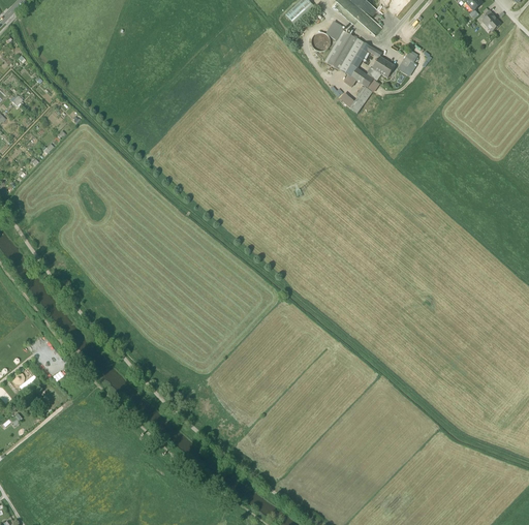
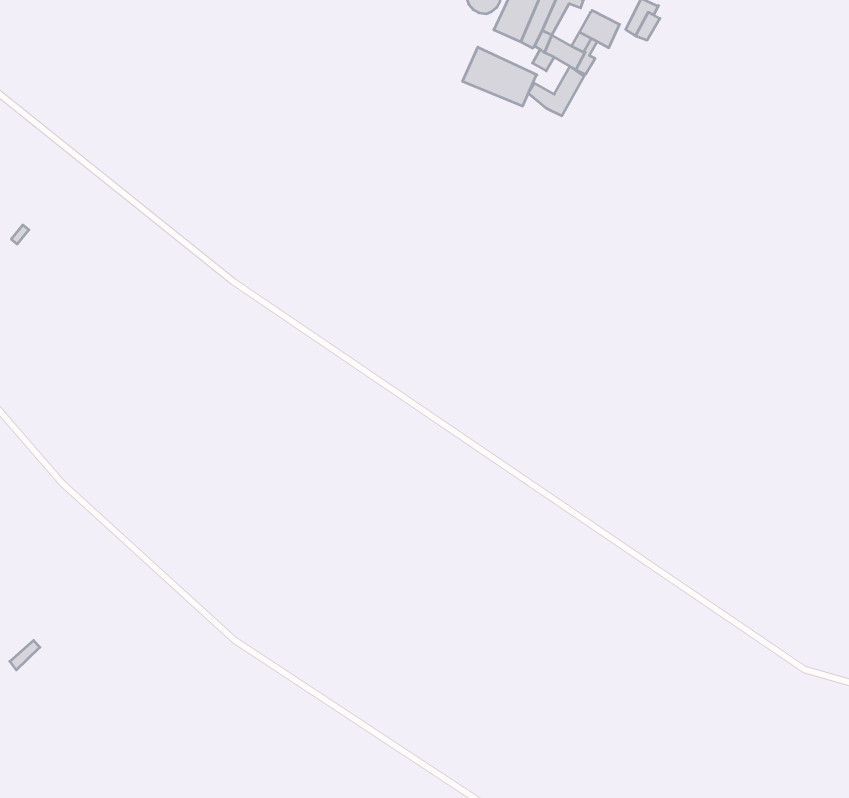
building: none -> [463,47,537,106]

